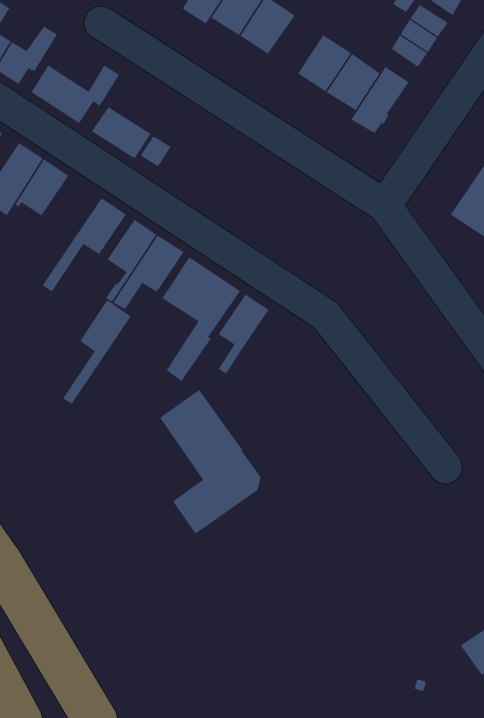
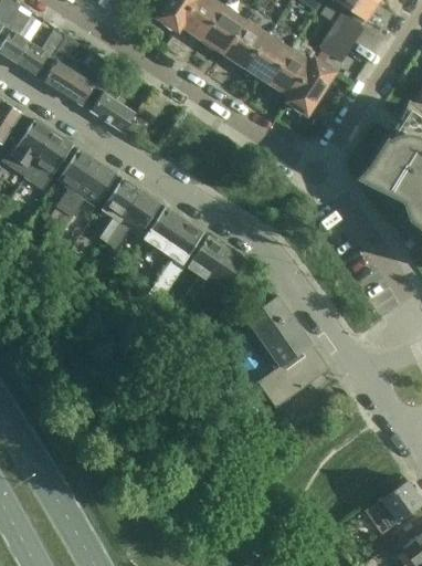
building: none -> [225,22,267,66]
building: [62,299,131,404] -> [44,148,97,229]
building: none -> [205,248,246,292]
building: [159,389,261,535] -> [246,296,325,408]

